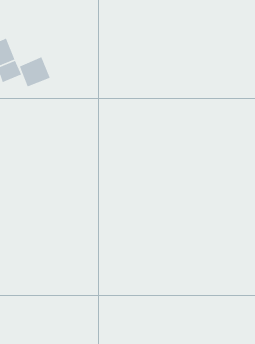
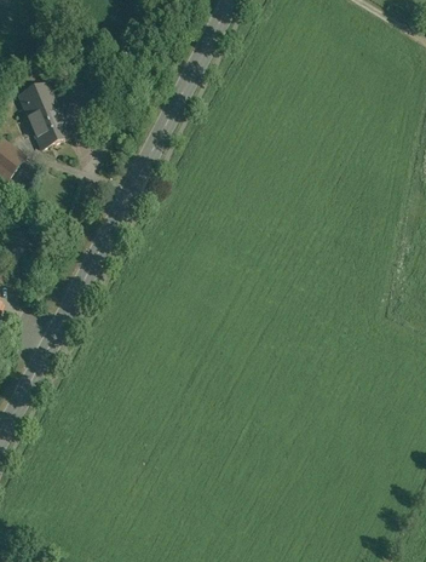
building: [19,56,51,87] -> none

